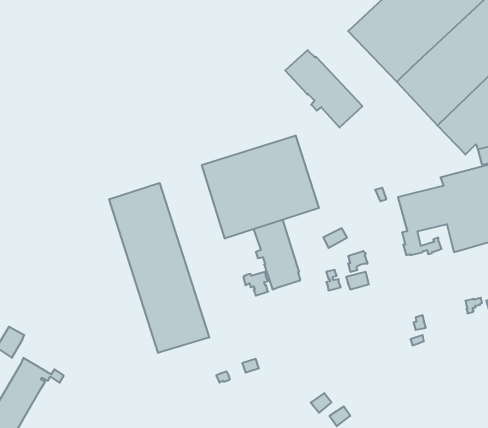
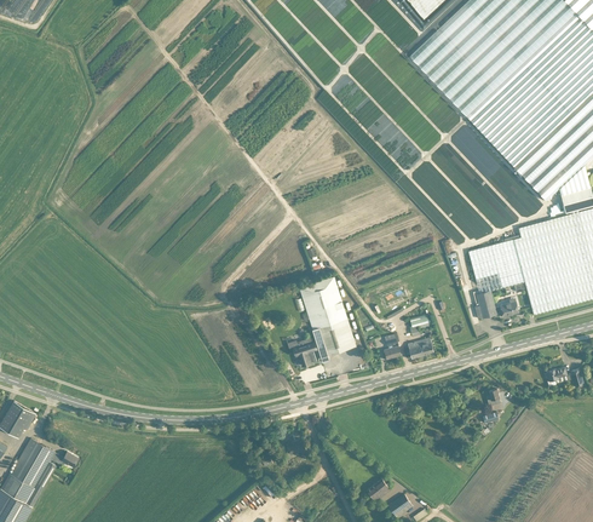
building: [285,50,362,128] -> none
building: [202,135,319,239] -> none
building: [109,183,209,353] -> none

